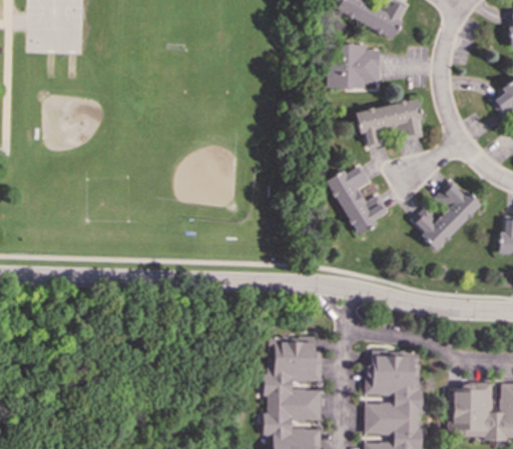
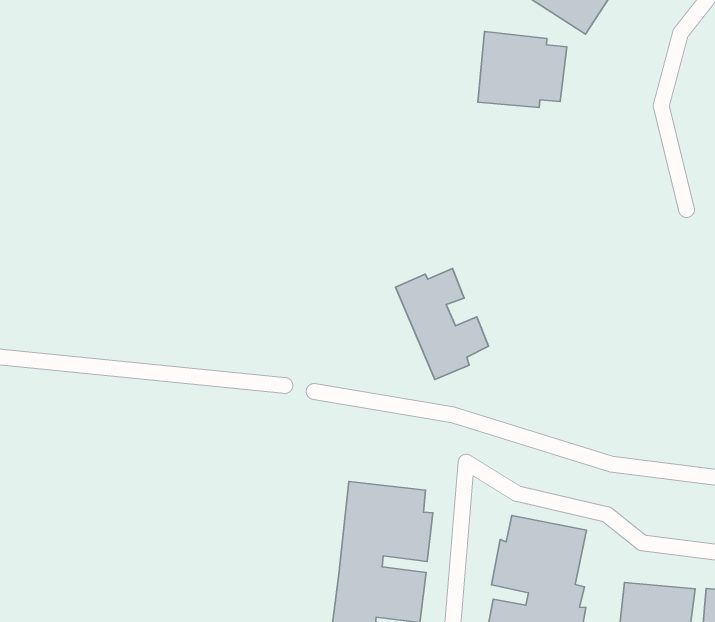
building: [356,99,425,149] -> none
building: [327,165,389,237] -> [396,269,488,379]
building: [413,178,481,252] -> none

